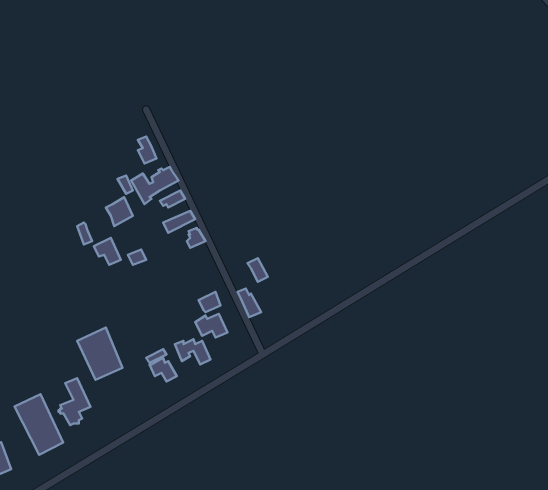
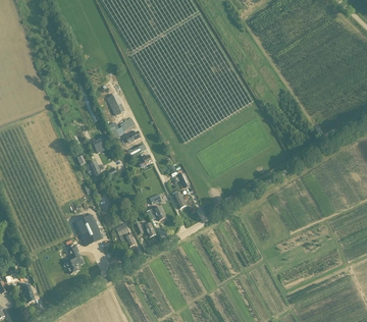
building: [14,394,63,455] -> none

